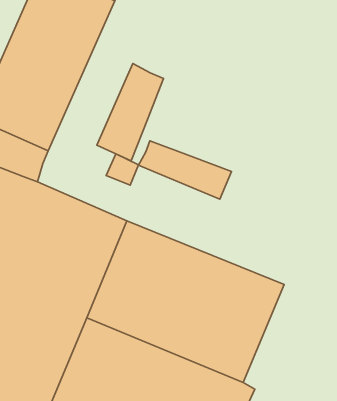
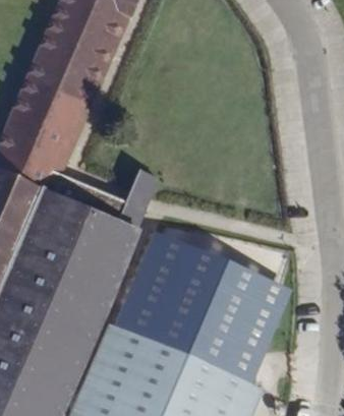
building: [97,63,163,161] -> none
building: [138,141,232,199] -> none

